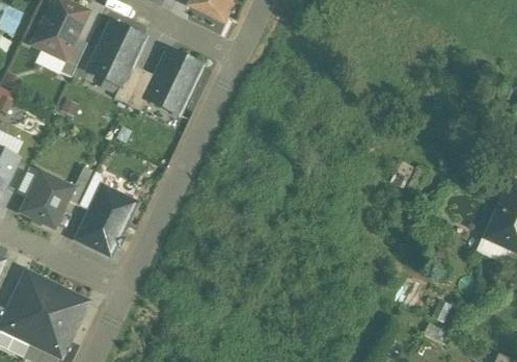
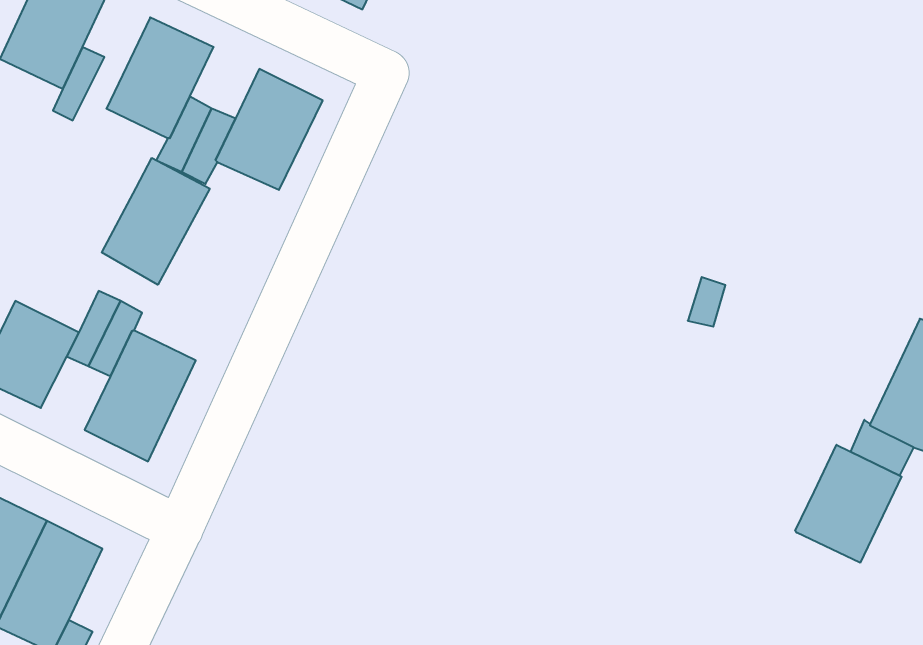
building: none -> [102,158,210,285]
building: none -> [795,445,902,563]

